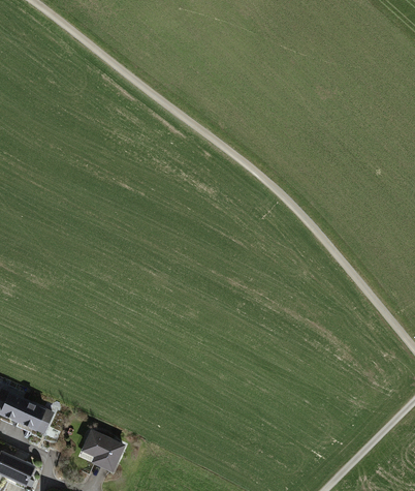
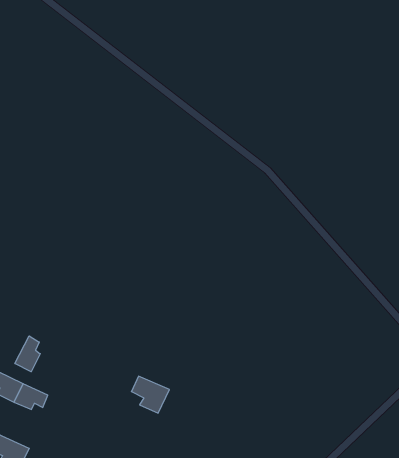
building: none -> [15,336,40,372]
building: [85,432,123,469] -> [131,376,169,413]

